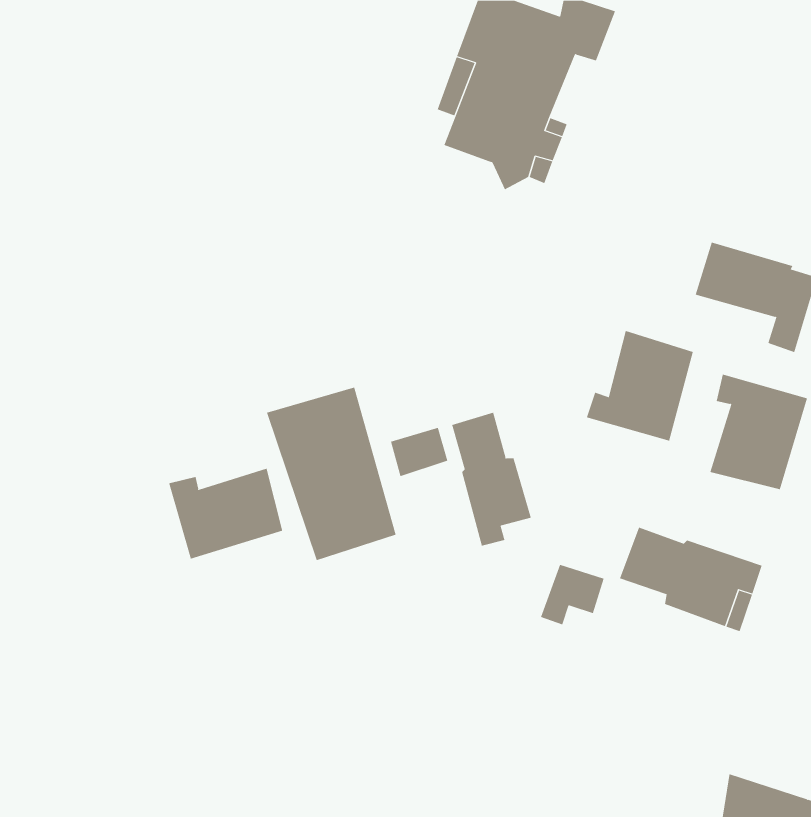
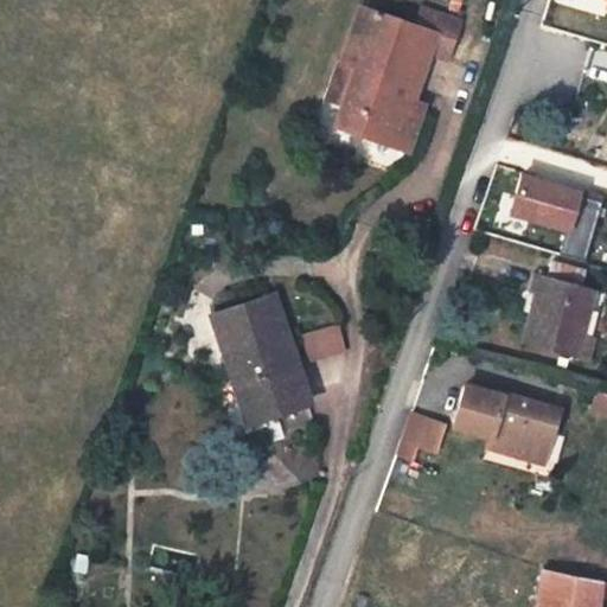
building: [586,330,693,441] -> none
building: [451,412,532,546] -> none
building: [168,468,283,559] -> none

